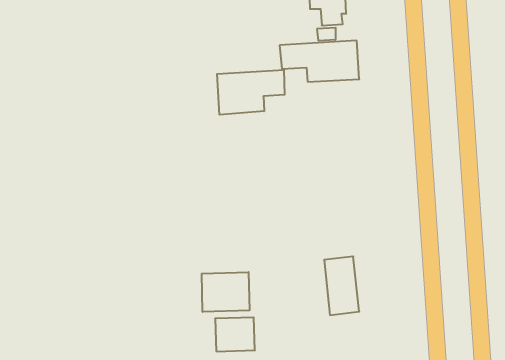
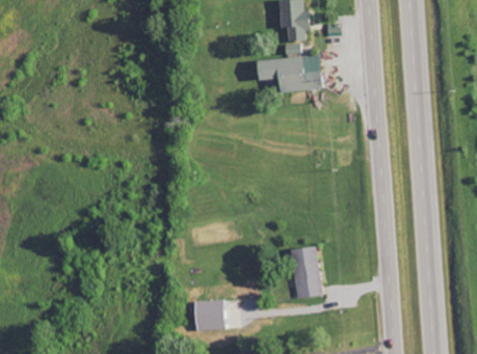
building: [217,70,285,115] -> none
building: [202,272,249,312] -> none

